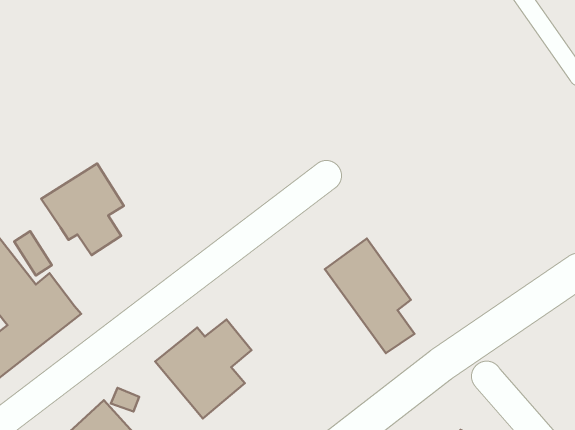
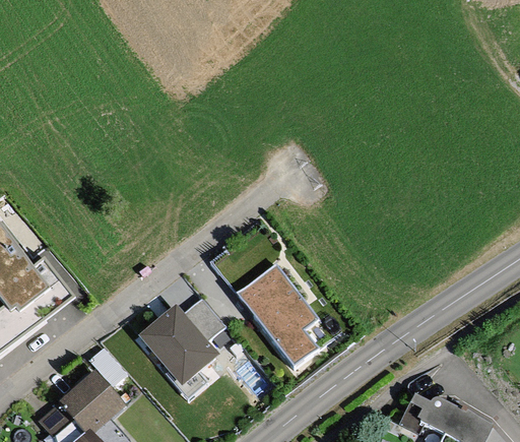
building: [41,163,124,255] -> none
building: [325,239,414,353] -> [239,263,319,366]

